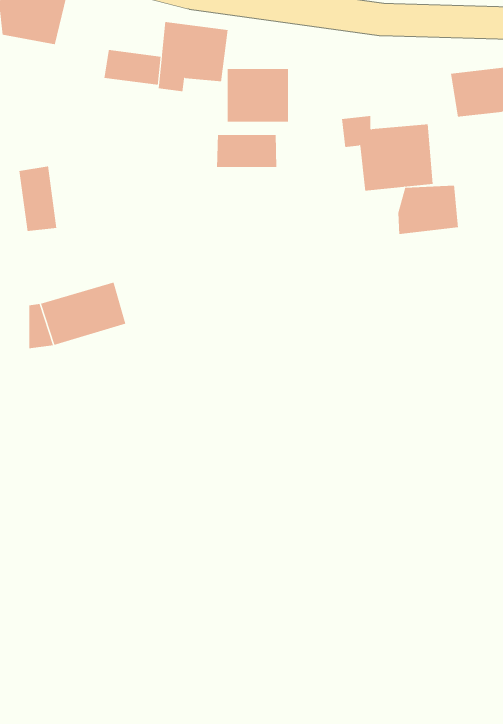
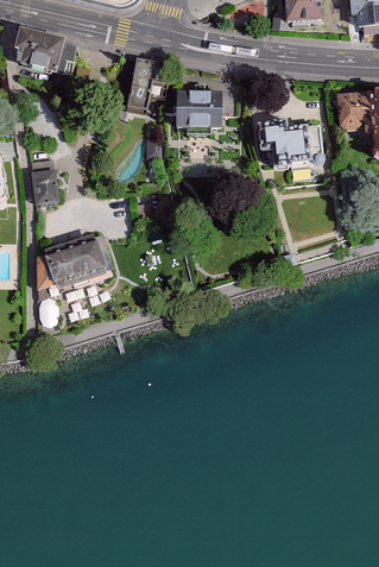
building: [104,49,161,86] -> none
building: [217,134,277,168] -> none
building: [398,185,459,235] -> none

